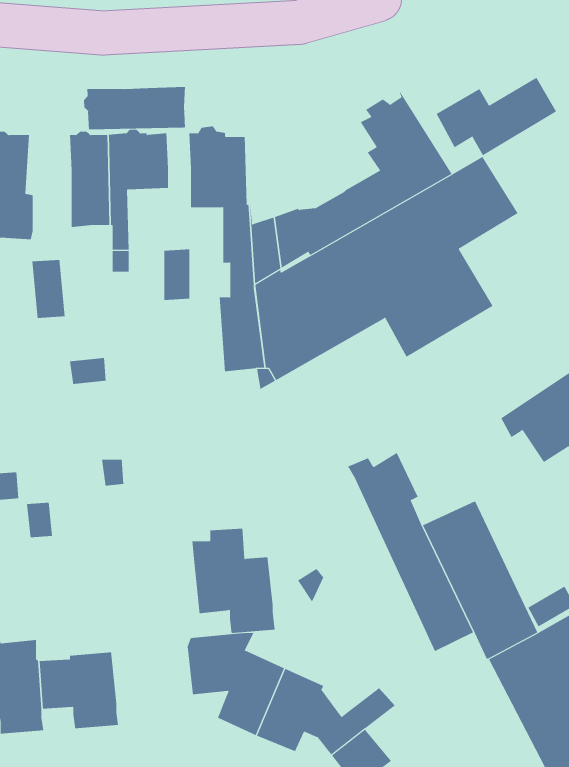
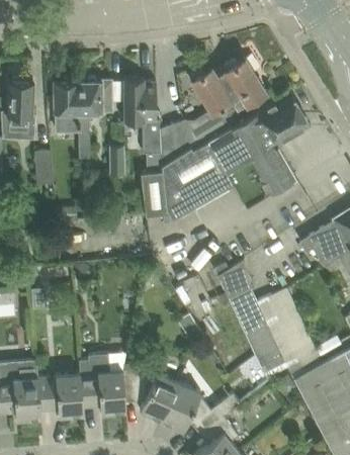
building: [436,77,557,156] -> none
building: [83,86,186,130] -> none
building: none -> [190,68,231,112]
building: [192,528,275,634] -> [79,355,126,415]

